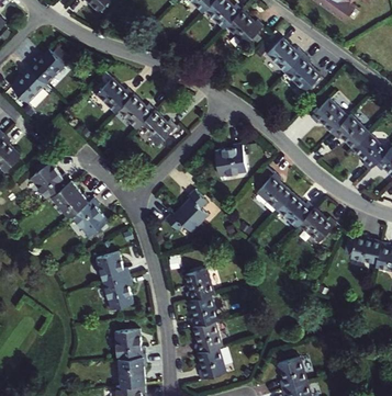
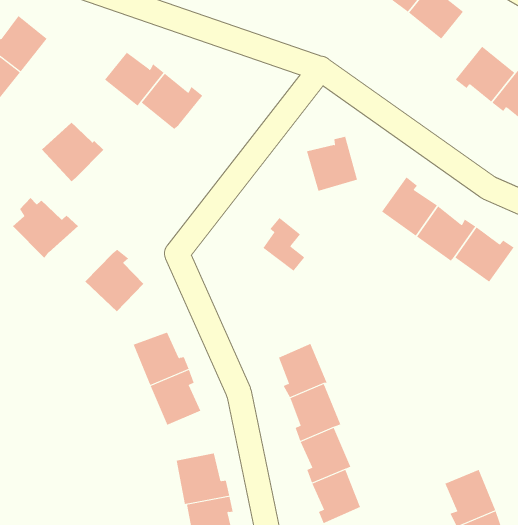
building: [138,110,176,144] -> none
building: [51,180,89,217] -> [41,121,104,182]
building: [165,206,199,231] -> none

